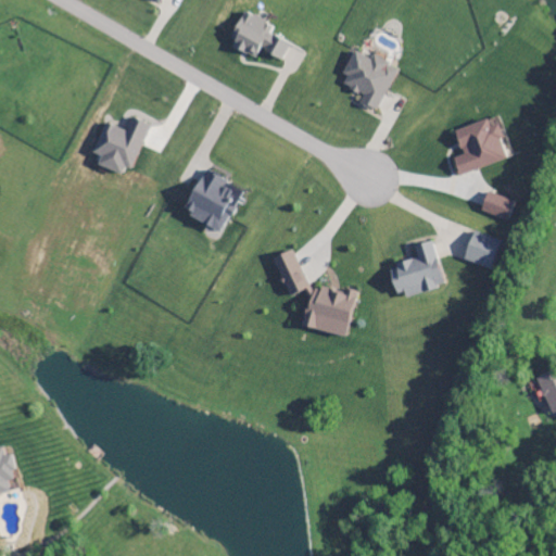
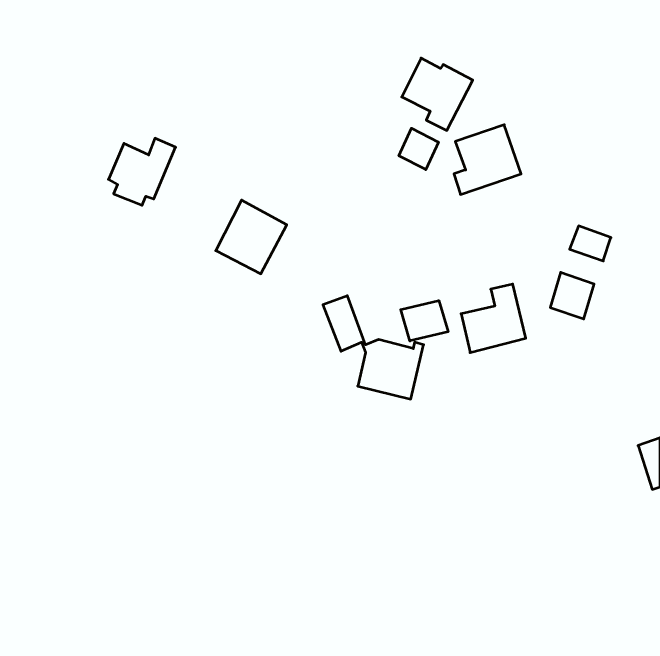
building: [230,10,289,58] -> none
building: none -> [399,128,438,170]
building: [452,115,508,174] -> [454,125,521,194]
building: none -> [401,301,448,341]

